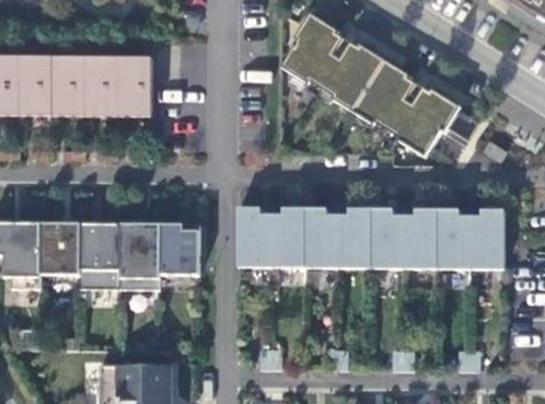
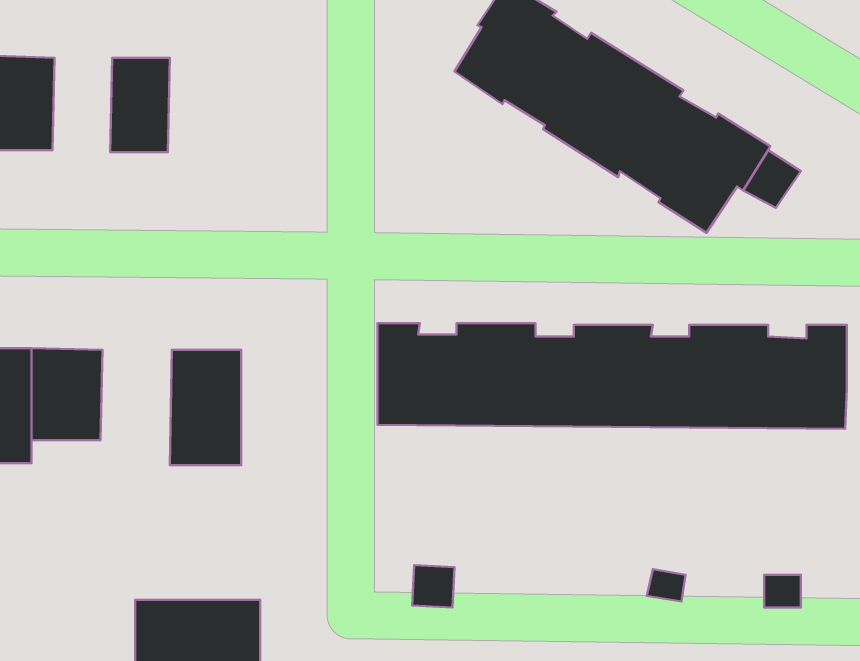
building: [51,57,85,111] -> none
building: [117,57,151,111] -> none
building: [79,223,119,289] -> none
building: [159,223,199,275] -> none

